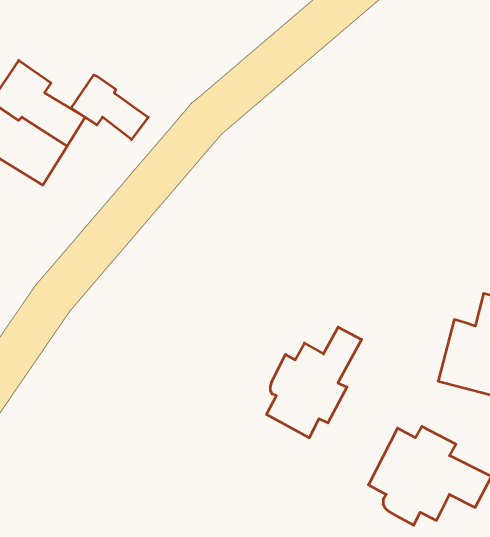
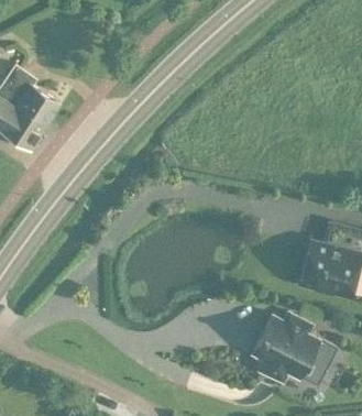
building: [71,75,148,140] -> none
building: [267,327,362,438] -> none

